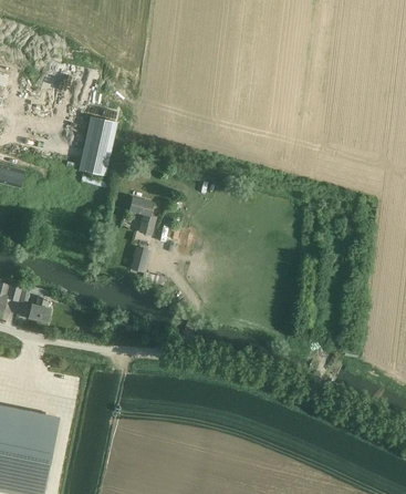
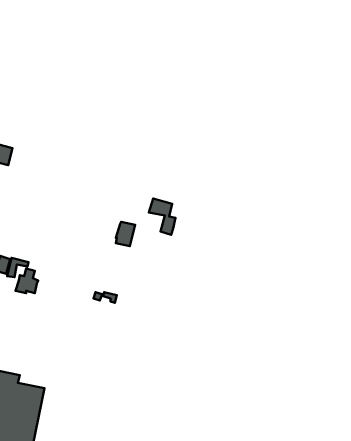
building: [84,116,121,169] -> none
building: [128,197,156,235] -> [149,199,175,235]

